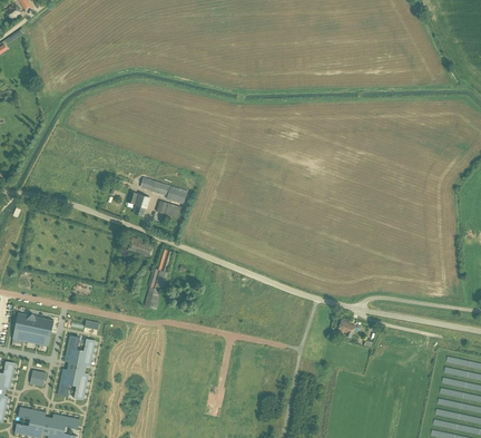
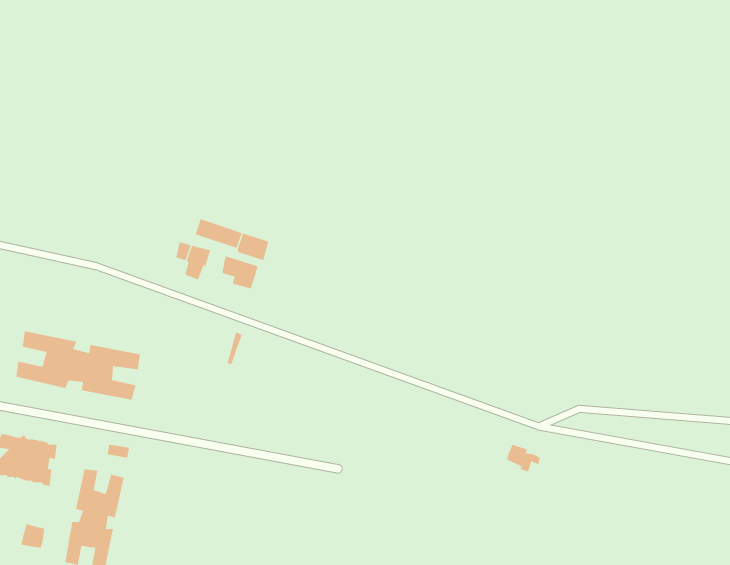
building: none -> [16,331,141,400]

